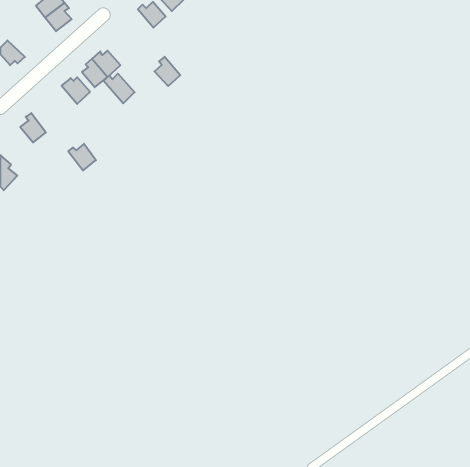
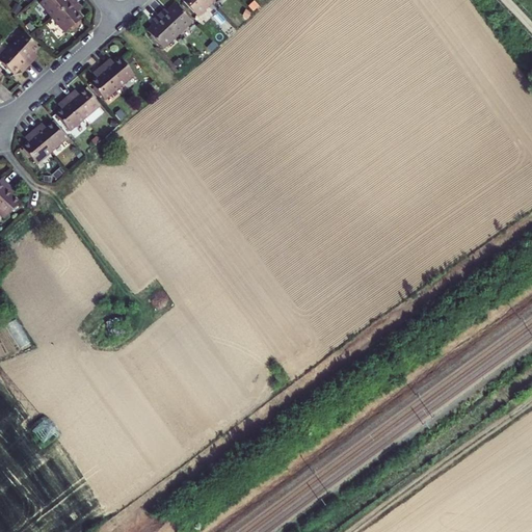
building: none -> [8,32,37,64]
building: [154,57,180,86] -> [144,10,174,44]
building: [103,74,135,103] -> none
building: none -> [58,97,87,129]
building: [68,144,96,170] -> [35,119,66,150]

